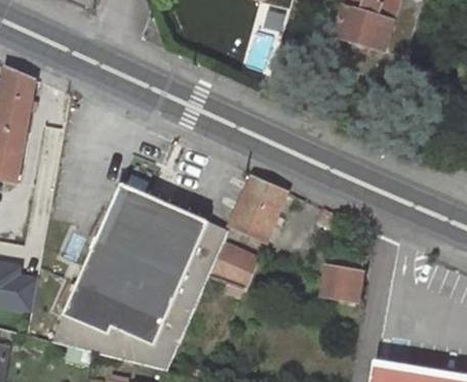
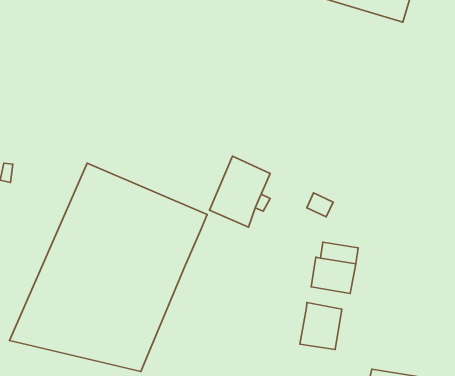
building: [207,243,257,289] -> none
building: none -> [300,303,342,350]

